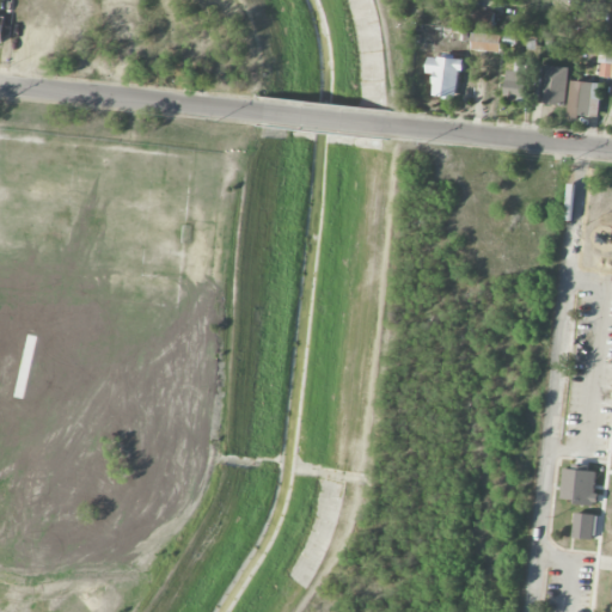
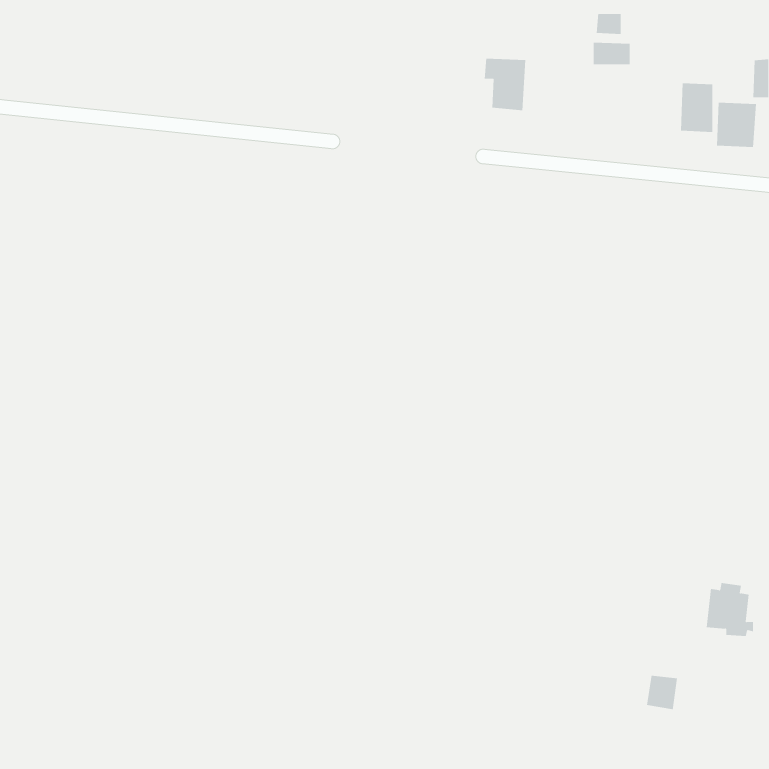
building: [427,57,460,99] -> [484,58,526,111]
building: [503,63,528,100] -> none
building: [571,513,596,540] -> [646,675,678,710]

